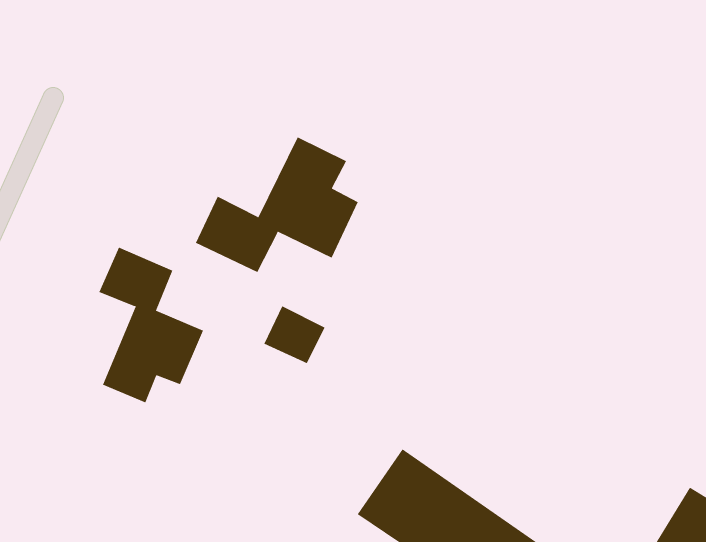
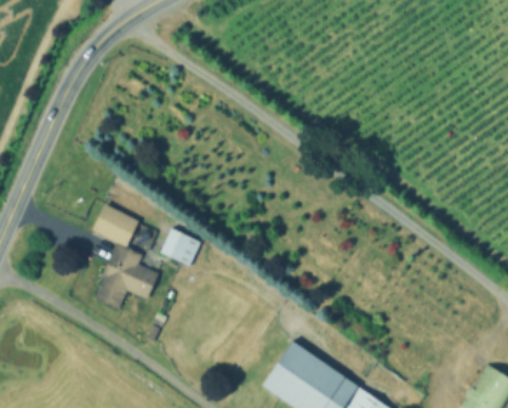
building: [195,137,359,273] -> none
building: [264,306,325,364] -> [160,229,201,268]

